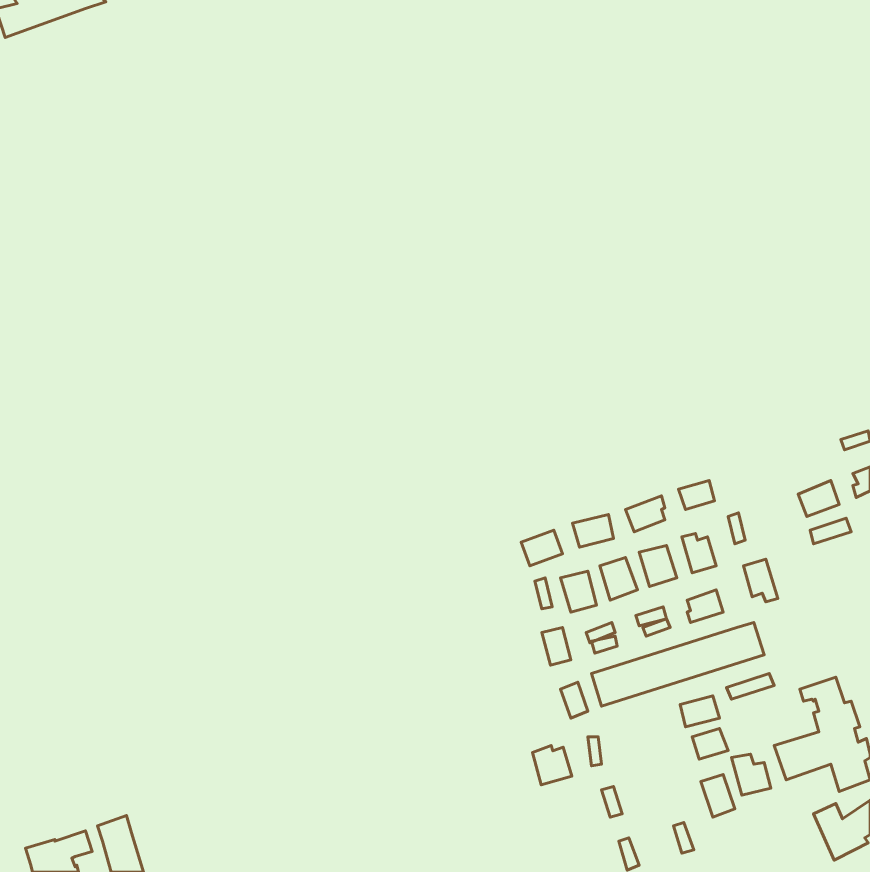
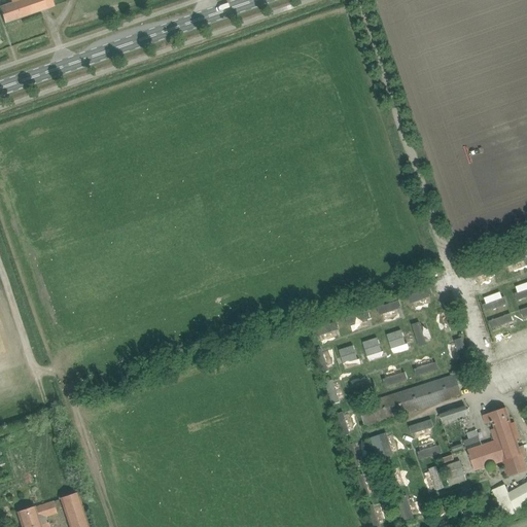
building: [532,746,572,785] -> [374,431,397,455]

